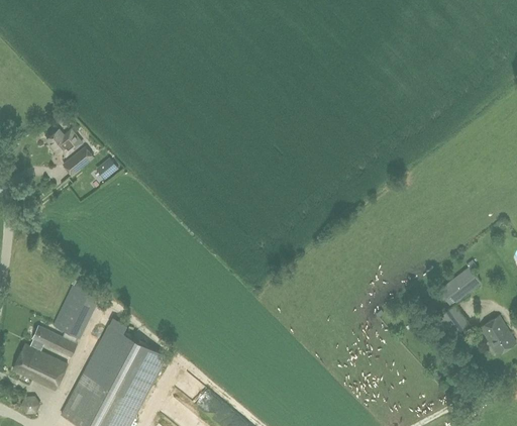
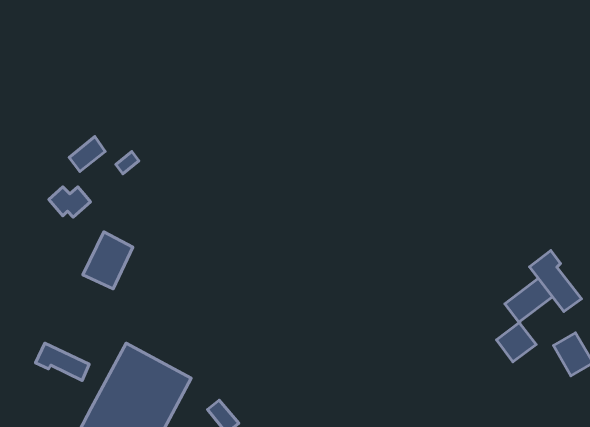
building: [46,128,83,154] -> [49,187,91,217]
building: none -> [530,251,581,311]
building: [55,288,98,337] -> [83,232,133,289]
building: [14,341,68,389] -> none

